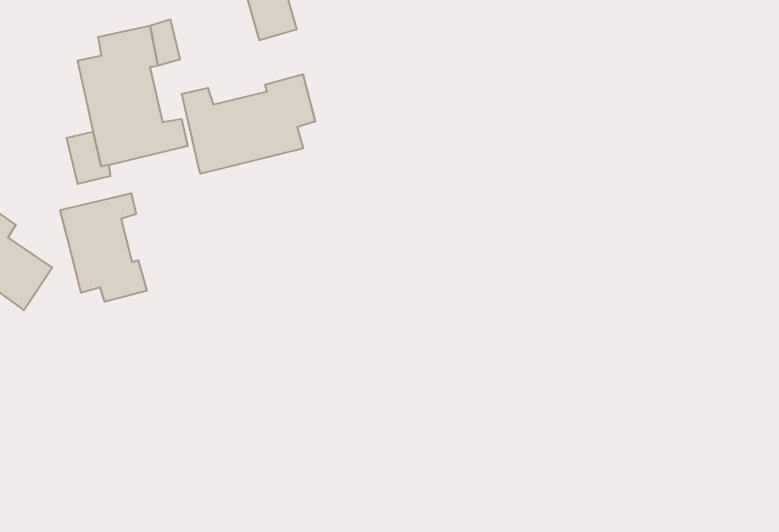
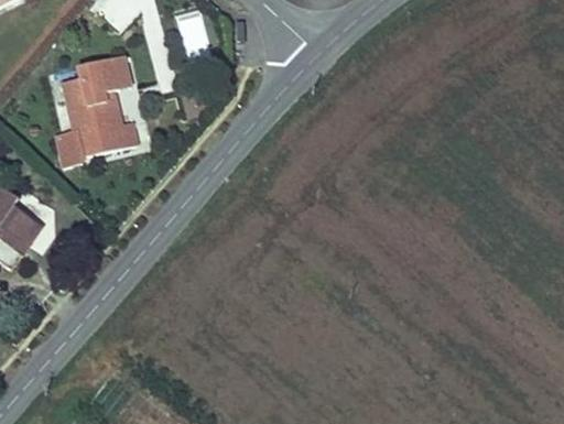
building: [182,74,315,174] -> none
building: [60,193,147,302] -> none

